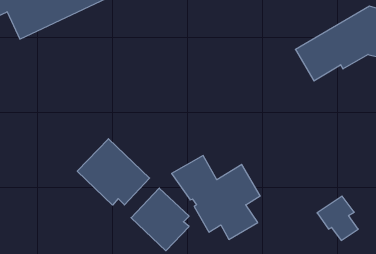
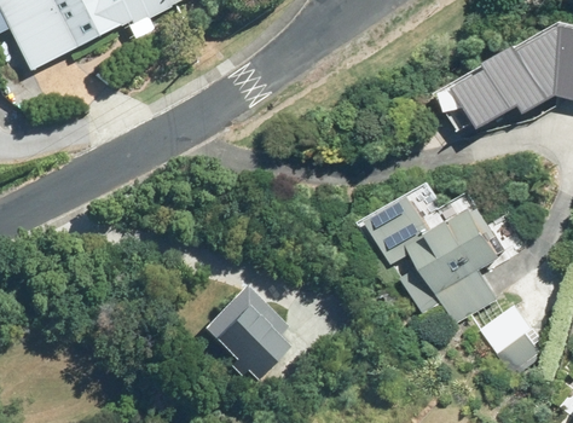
building: [77,139,150,205] -> none
building: [172,156,260,239] -> [370,197,503,323]

